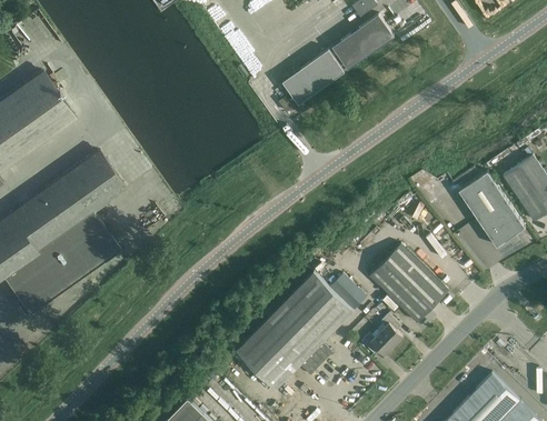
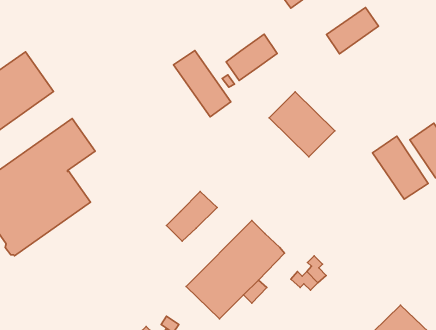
building: [331,14,394,70] -> [327,8,379,54]
building: none -> [173,51,231,117]
building: none -> [166,192,217,241]
building: [369,244,448,322] -> [269,92,335,157]
building: [329,273,360,304] -> none

